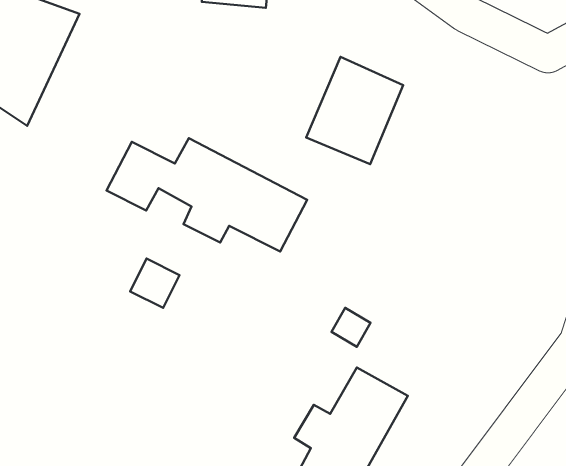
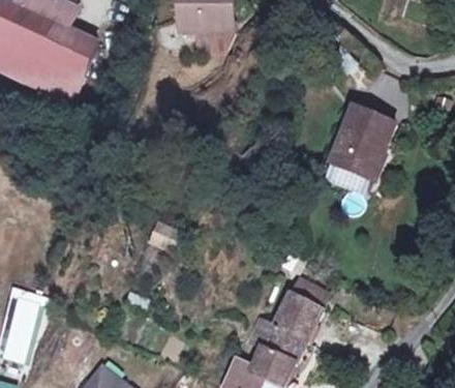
building: [306,57,403,164] -> [331,95,398,170]
building: [106,138,307,252] -> none

